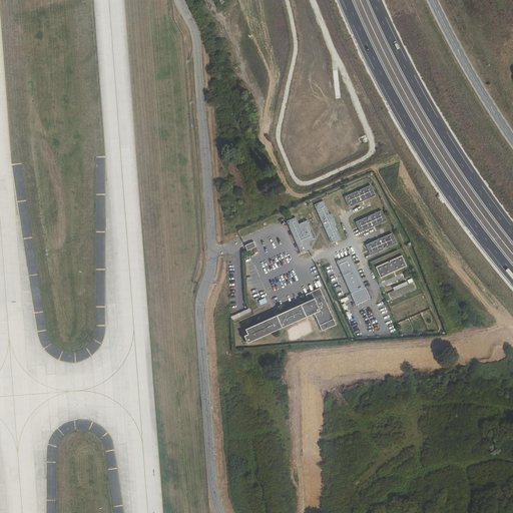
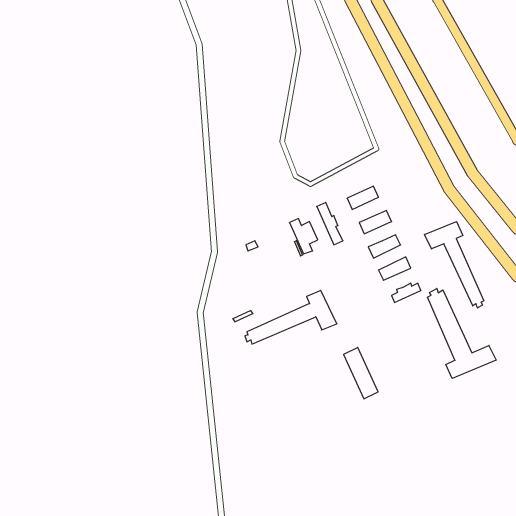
building: none -> [425,222,484,308]
building: [335,255,369,307] -> [344,347,378,399]
building: none -> [428,288,496,378]

